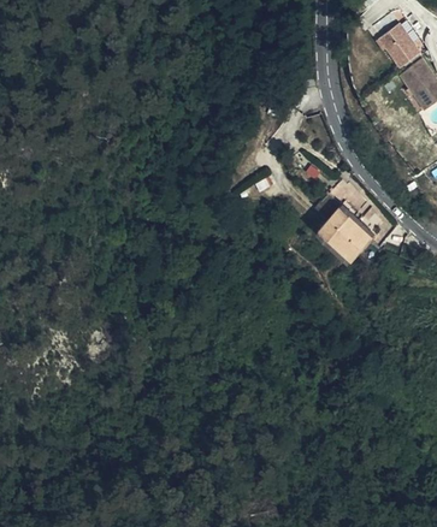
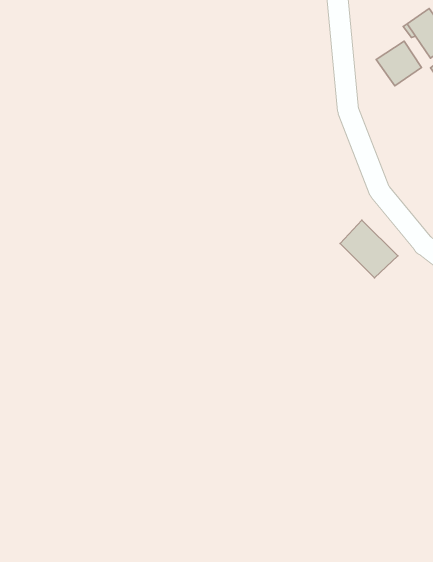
building: none -> [376,41,421,86]

